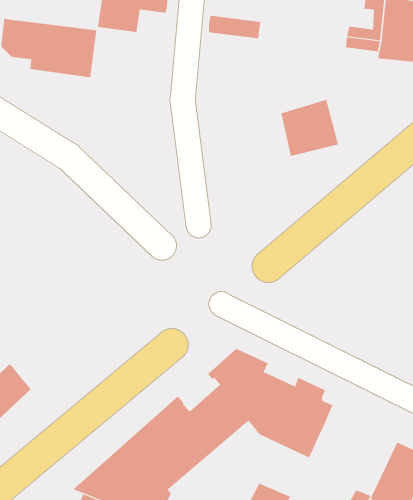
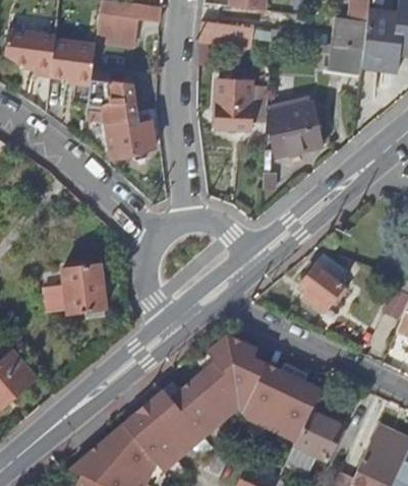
building: none -> [84,76,155,160]
building: none -> [217,78,269,127]
building: none -> [299,255,345,313]
building: none -> [44,270,104,319]
building: none -> [295,408,344,459]

